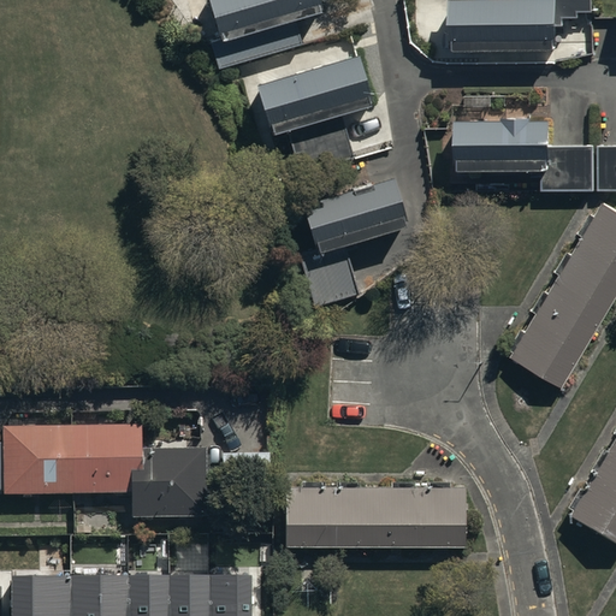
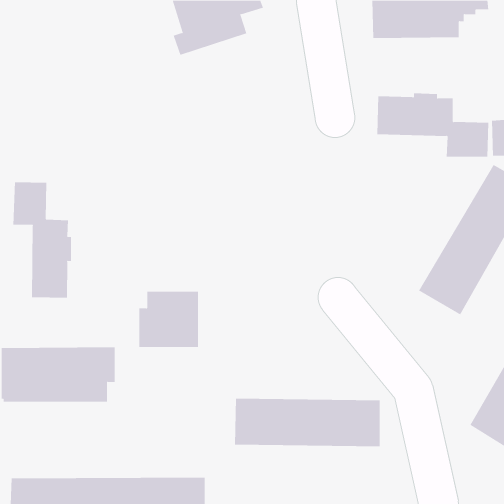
building: [256,55,373,134] -> none
building: [302,172,408,306] -> none
building: none -> [13,182,71,298]
building: [132,446,206,515] -> [139,291,199,347]

